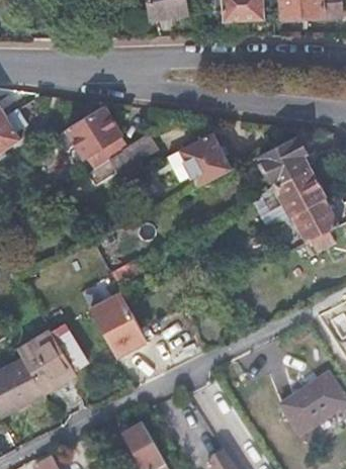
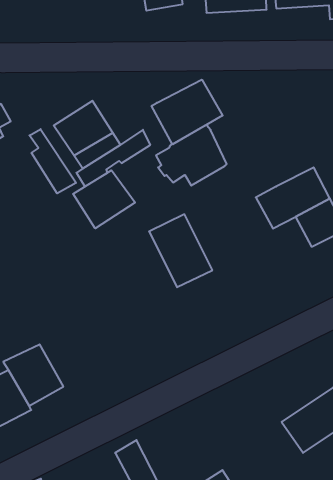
building: none -> [152,80,223,144]
building: none -> [29,129,76,193]
building: [259,133,311,185] -> none
building: none -> [73,170,135,228]
building: [87,295,147,364] -> [149,214,212,287]

